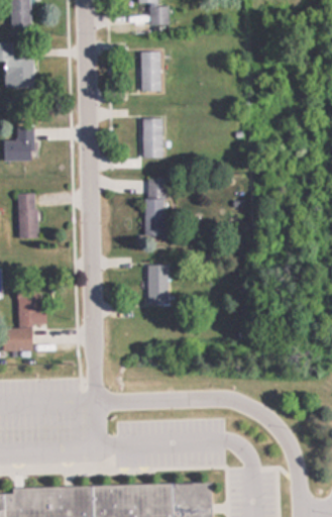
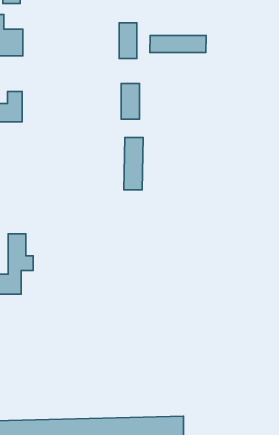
building: none -> [150,35,206,53]
building: [18,194,37,238] -> none
building: [147,264,168,305] -> none

